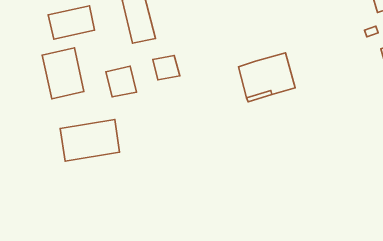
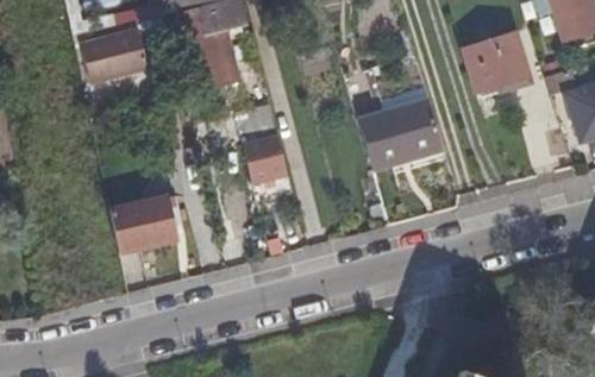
building: none -> [463,31,531,96]
building: [42,48,84,99] -> none
building: [106,66,137,97] -> [243,134,288,180]

